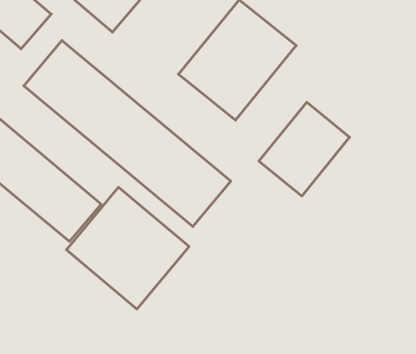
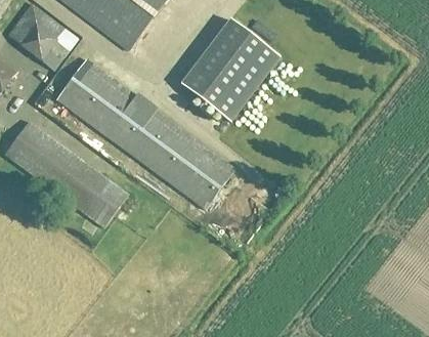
building: [259,102,350,196] -> none
building: [66,187,189,309] -> none

